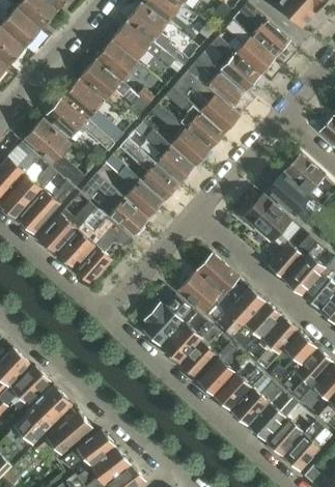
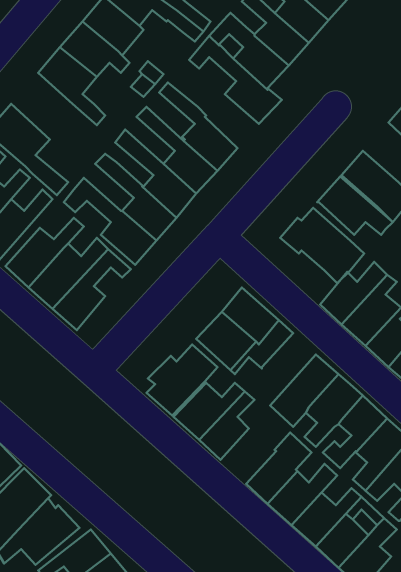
building: [166,87,224,151] -> none
building: [46,96,115,150] -> none
building: [225,286,266,339] -> none
building: [198,344,238,396] -> none

